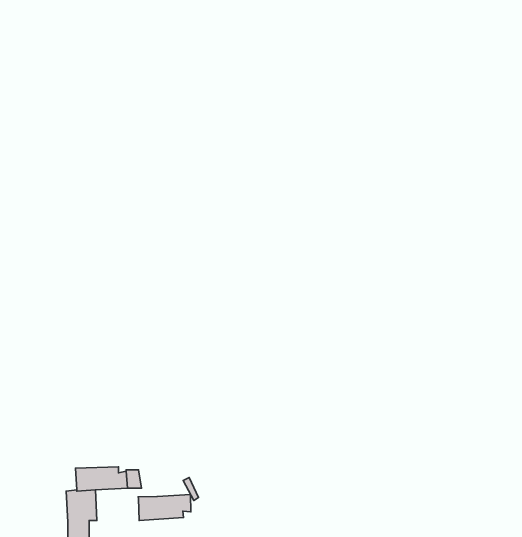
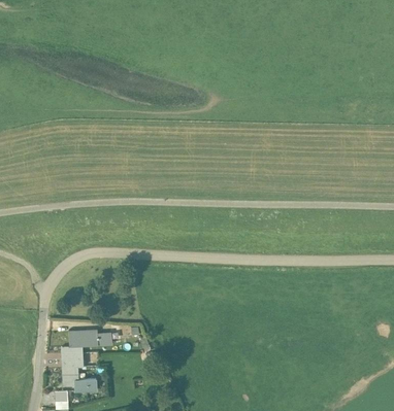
building: [138,494,191,521] -> none

